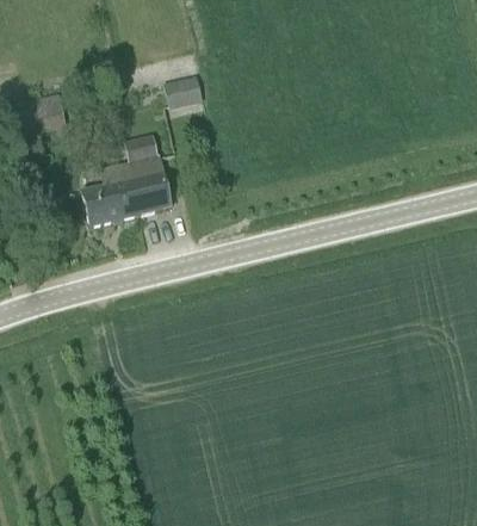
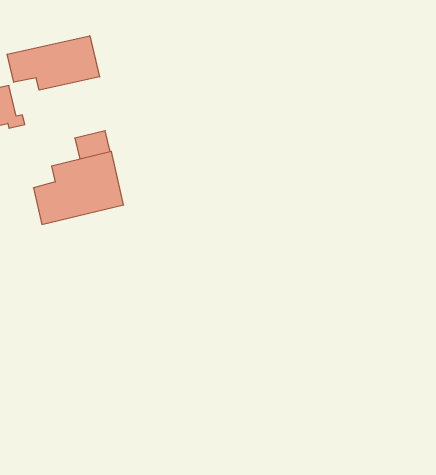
building: none -> [7,36,100,90]
building: [163,72,203,105] -> none

